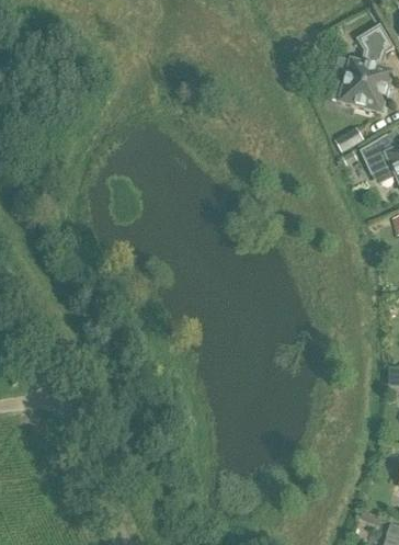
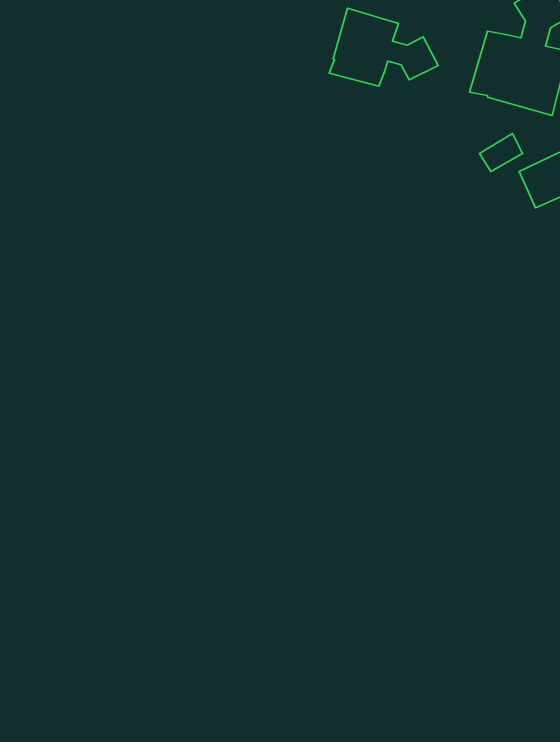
building: none -> [329,8,438,86]

